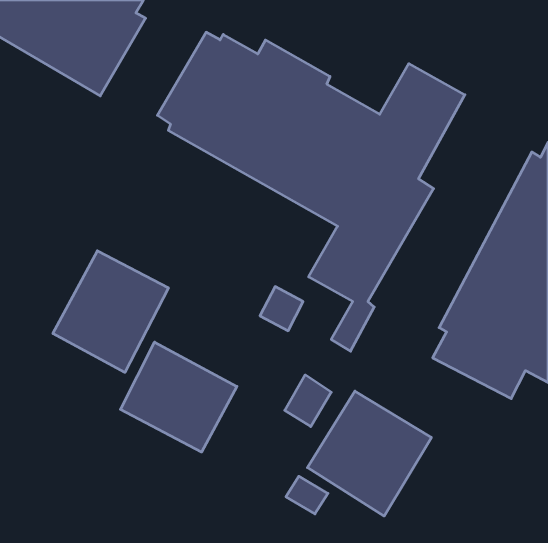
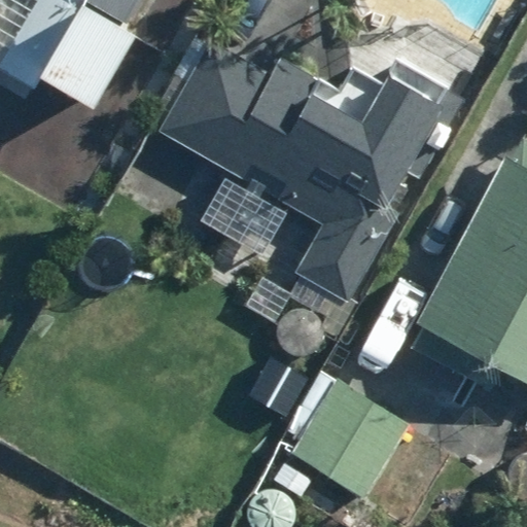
building: [53,251,168,372] -> none
building: [120,342,237,452] -> none

